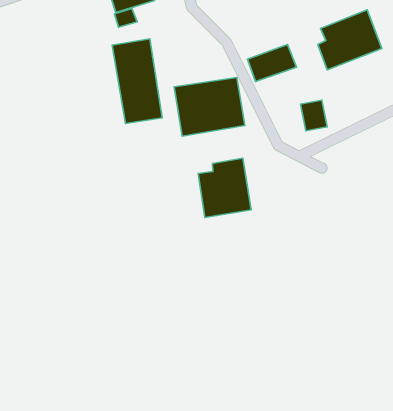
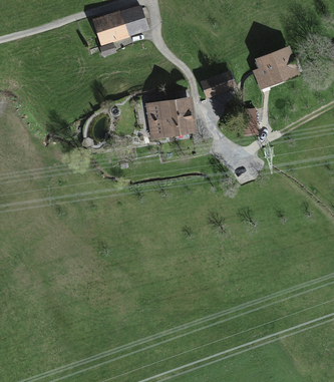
building: [112,39,162,123] -> none
building: [198,158,251,218] -> none

